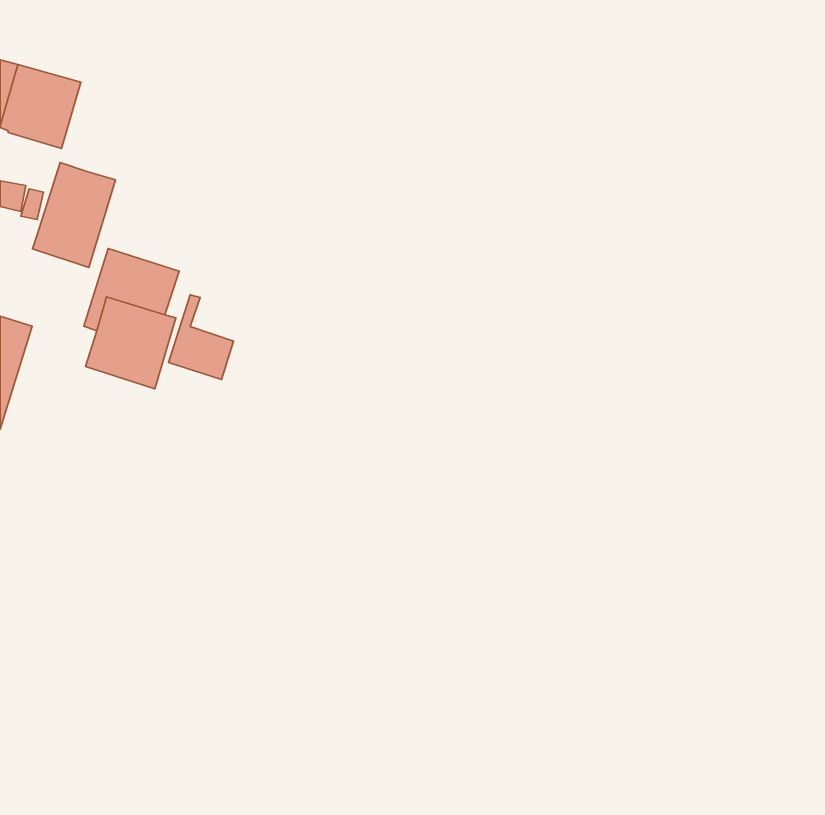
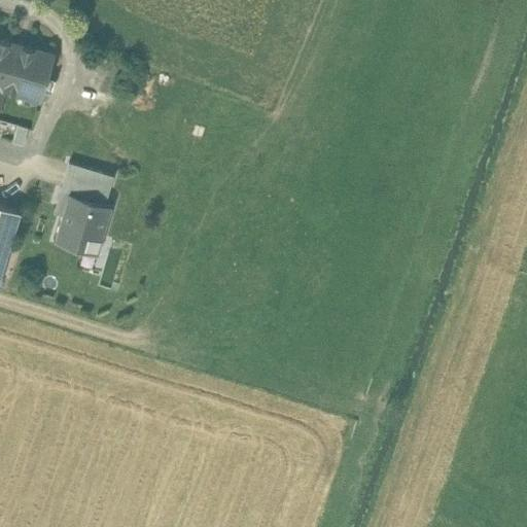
building: [33,162,115,267] -> none
building: [168,295,233,380] -> none

